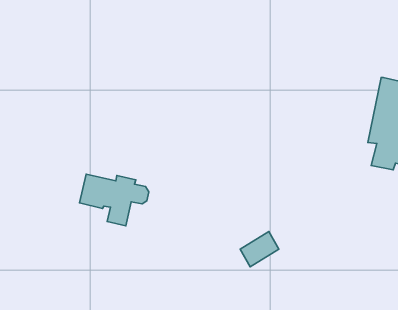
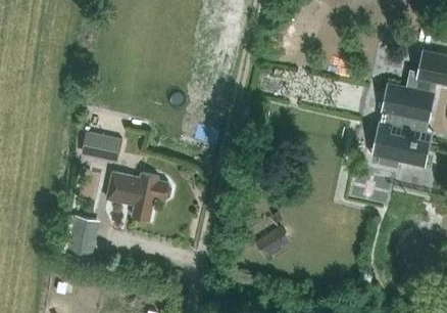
building: none -> [82,132,123,164]
building: none -> [67,217,97,259]

